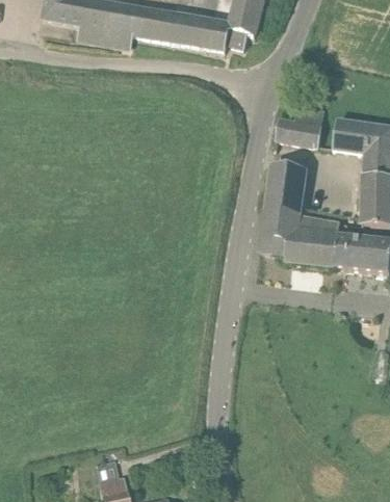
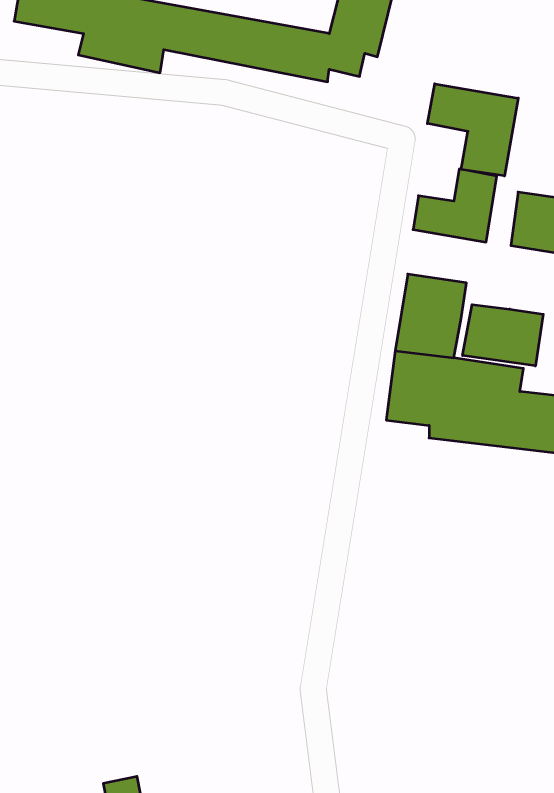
building: none -> [427,84,518,176]
building: none -> [463,305,543,366]

